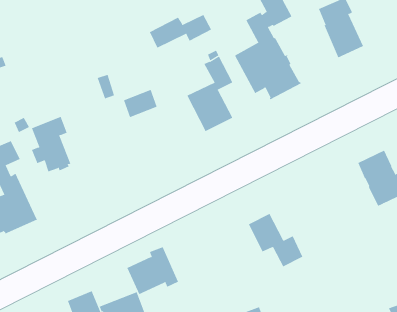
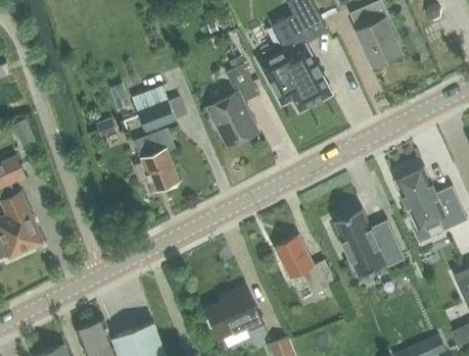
building: [149,14,212,49] -> none
building: none -> [132,87,169,113]
building: [31,116,71,172] -> [135,130,179,191]
building: none -> [332,208,405,278]
building: [127,246,179,295] -> [206,287,264,340]

